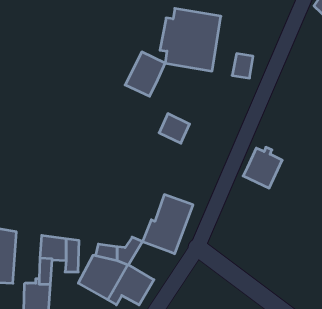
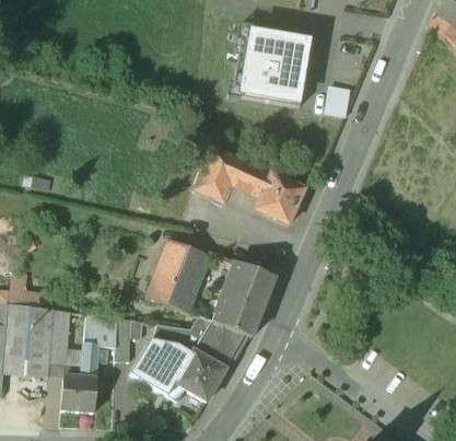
building: [125,52,165,96] -> [194,147,244,202]
building: [243,147,282,188] -> [255,173,304,224]
building: none -> [148,240,210,312]
building: none -> [49,310,72,375]
building: none -> [195,322,247,370]

